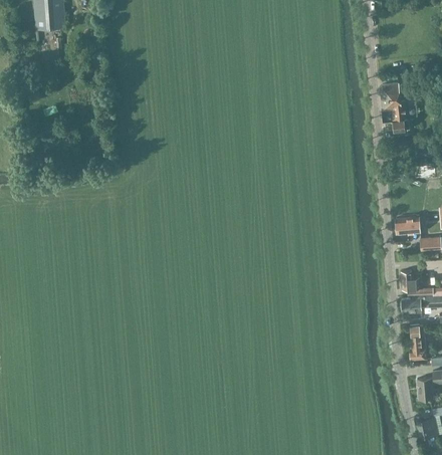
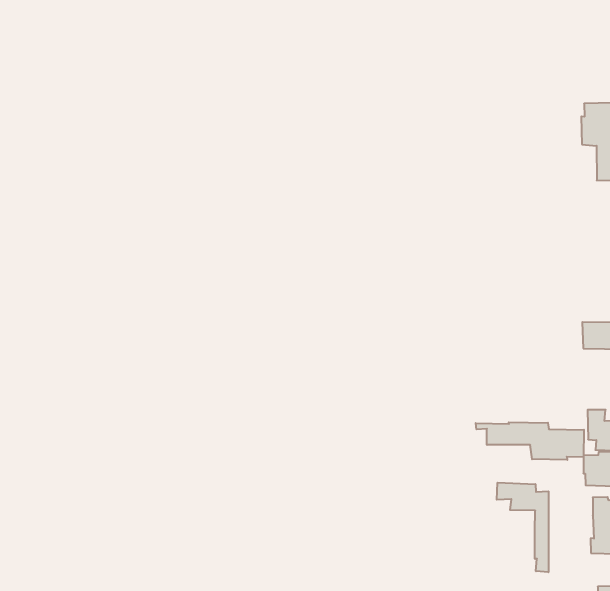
building: none -> [476,422,584,460]
building: none -> [497,483,548,572]

